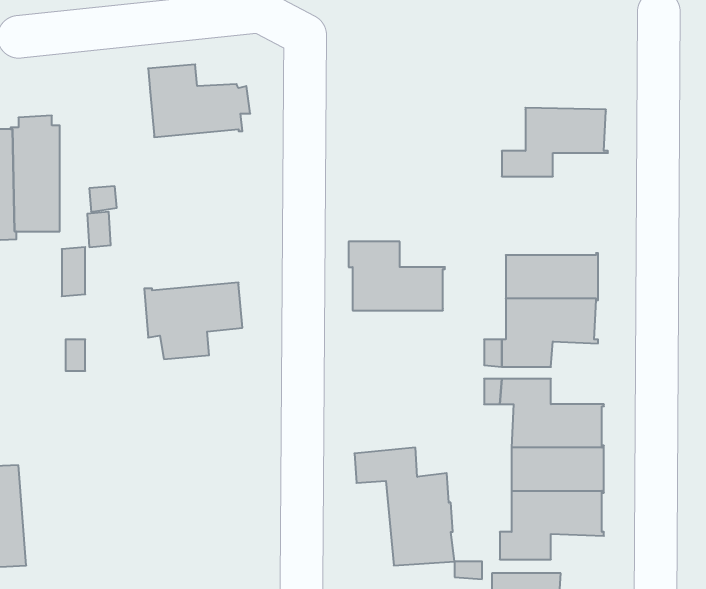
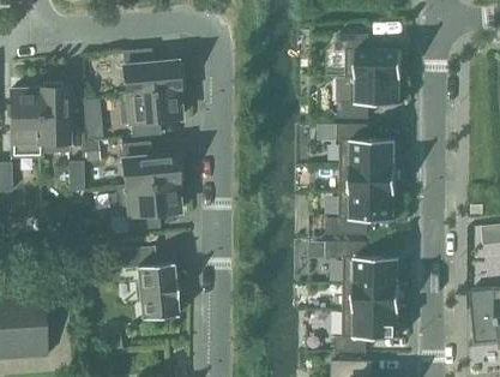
building: none -> [338,35,402,79]
building: none -> [119,90,179,138]
building: none -> [121,143,182,188]
building: [349,242,445,310] -> [337,125,396,167]
building: [354,448,455,565] -> [116,247,177,319]

